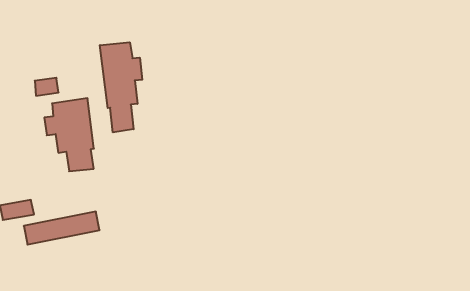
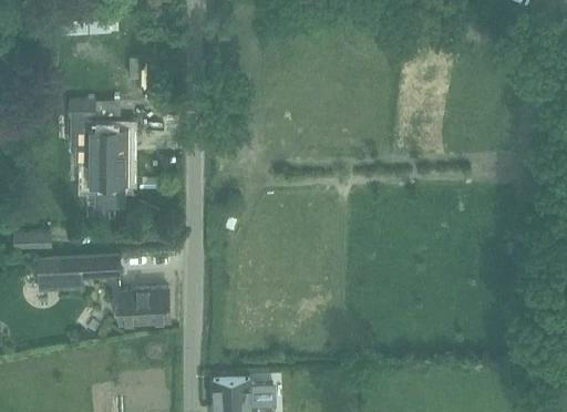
building: [100,42,142,132] -> none
building: none -> [118,289,168,323]

